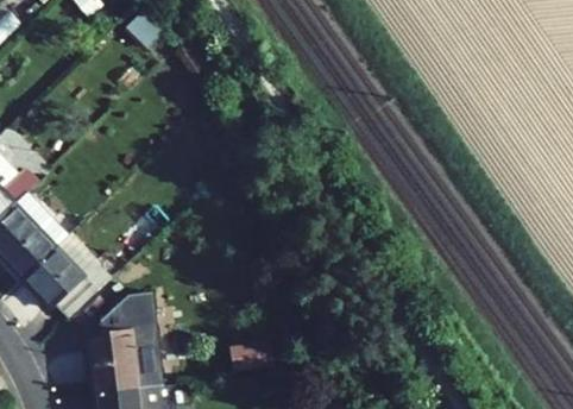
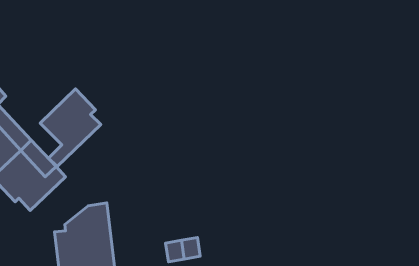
building: none -> [40,89,101,167]

